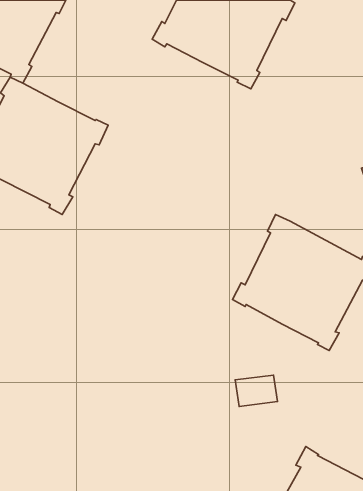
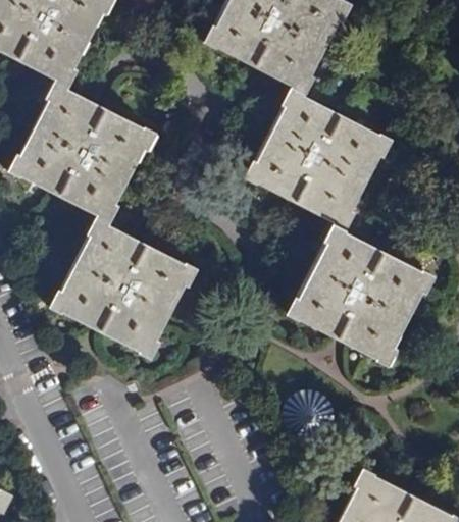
building: none -> [244,87,393,231]
building: none -> [49,217,197,359]

